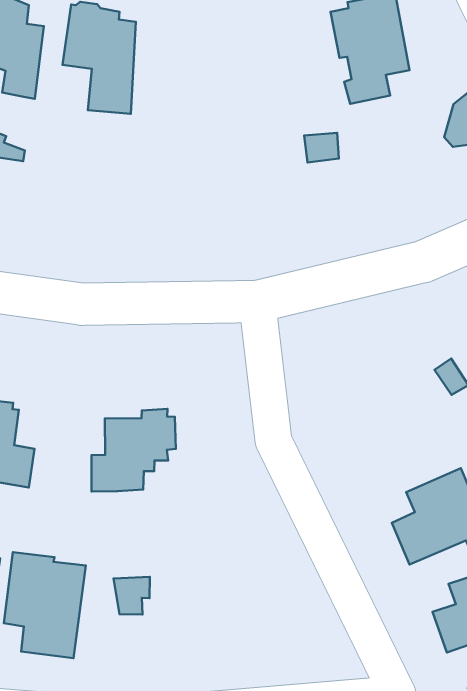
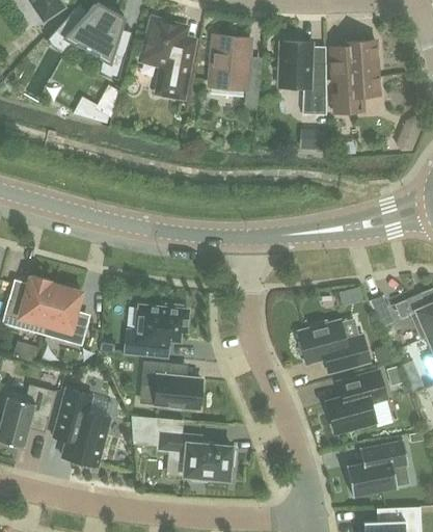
building: none -> [278,42,326,114]
building: none -> [210,35,259,101]
building: none -> [298,320,370,372]
building: none -> [140,361,201,409]
building: none -> [158,432,235,482]

